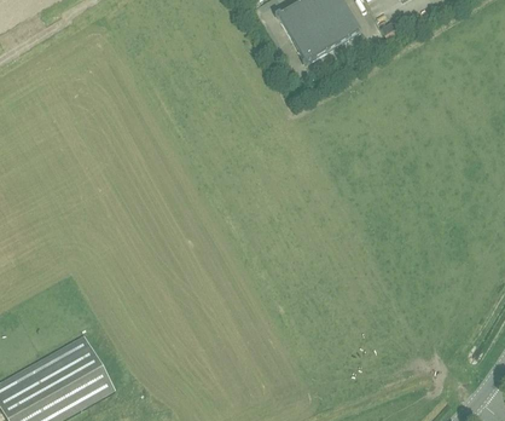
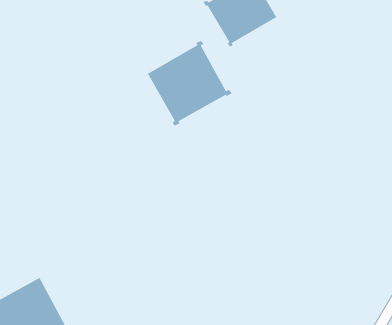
building: none -> [147,40,233,126]

